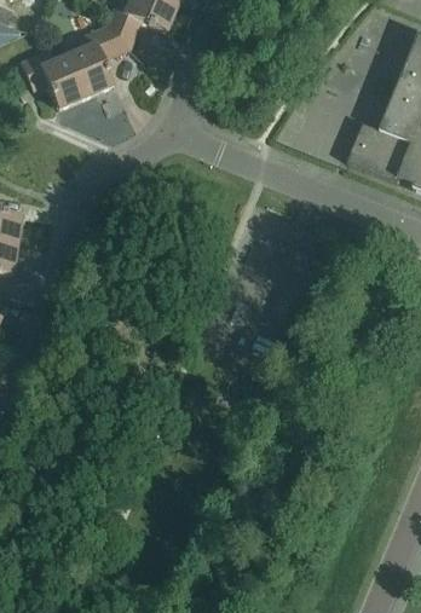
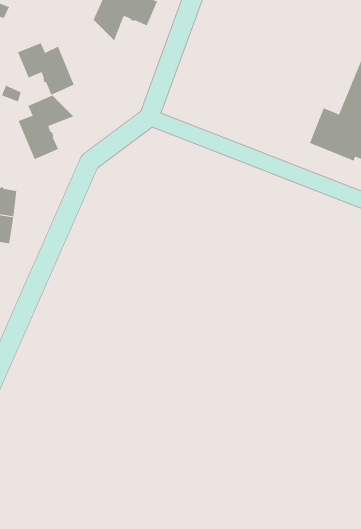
building: [67,24,129,97] -> [18,95,74,160]

